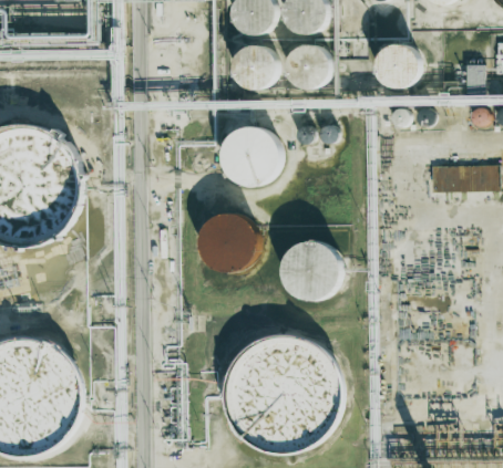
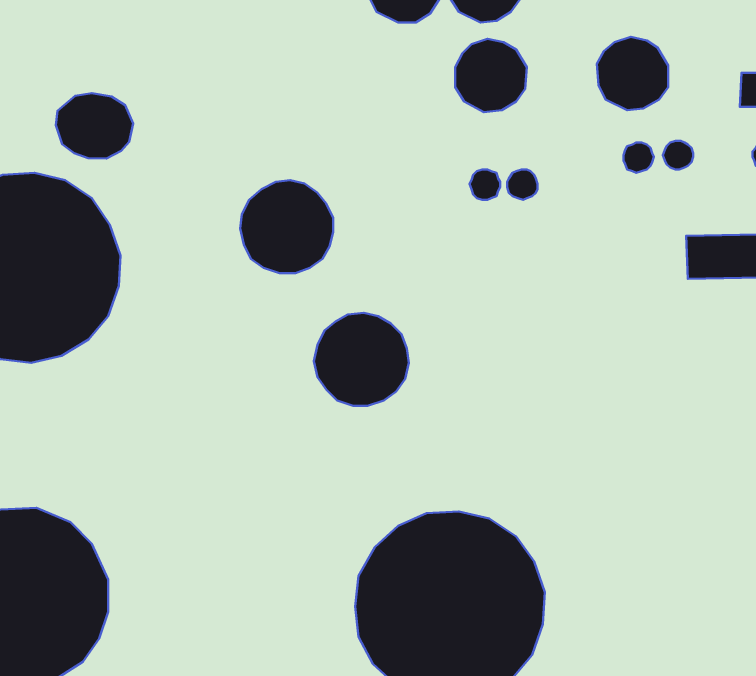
building: [234,44,278,89] -> none
building: none -> [56,93,133,158]
building: [223,126,280,184] -> [240,180,333,273]
building: [283,241,341,299] -> none

